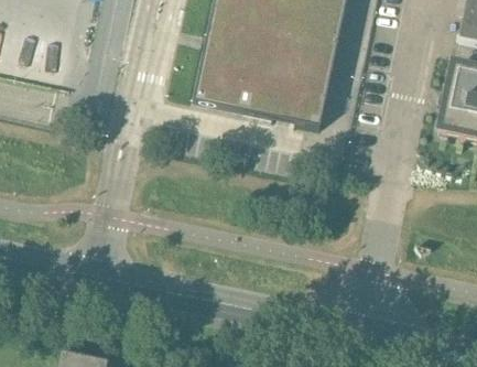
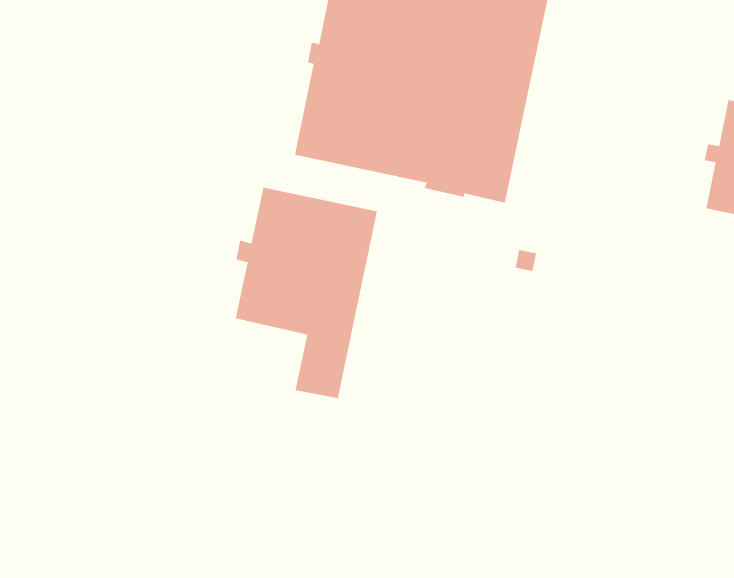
building: none -> [235,187,378,399]

